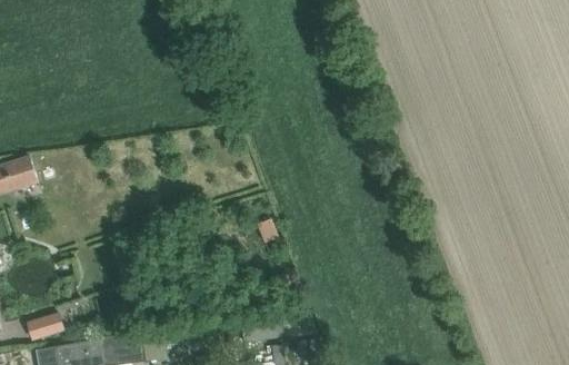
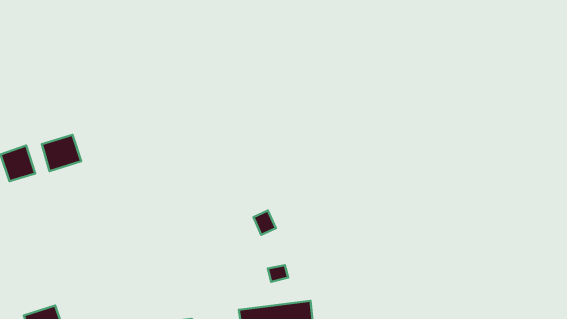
building: none -> [42,135,81,171]

